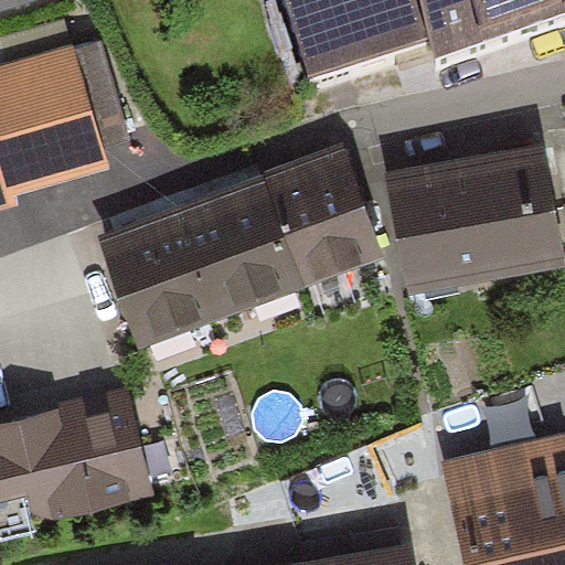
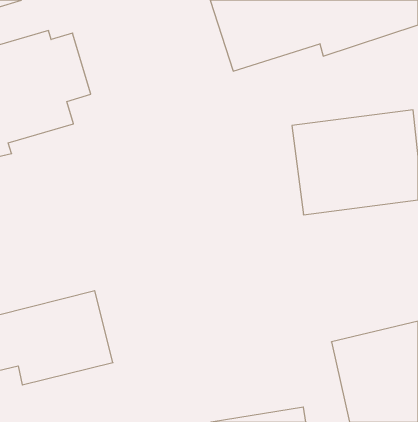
building: [104,169,383,335] -> none

